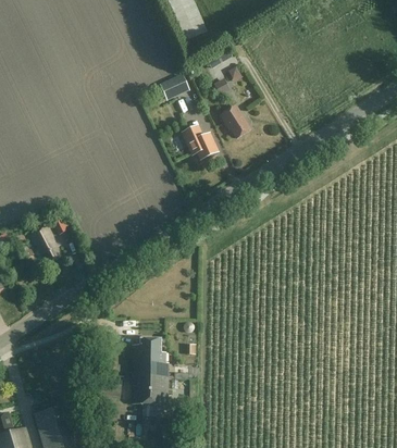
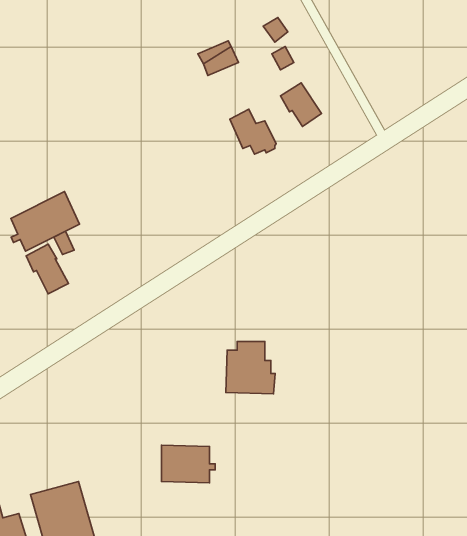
building: none -> [11,191,79,251]
building: [132,338,169,377] -> [226,341,275,394]

